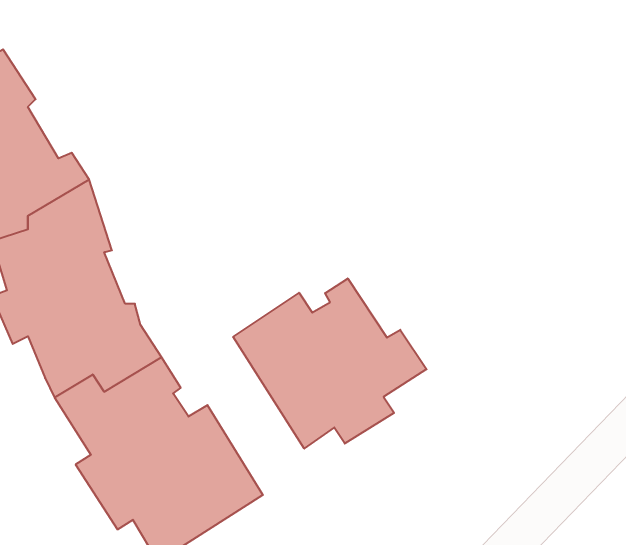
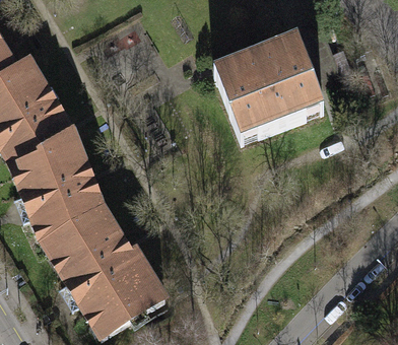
building: none -> [213,37,323,137]
building: [233,278,427,449] -> none

